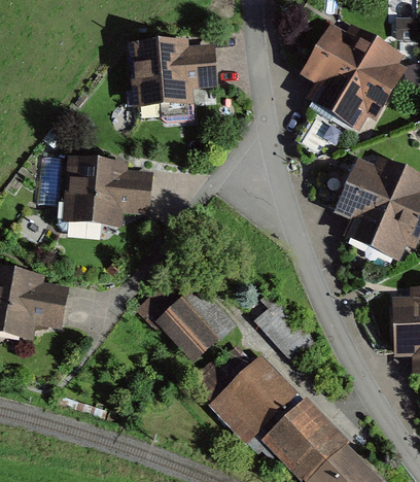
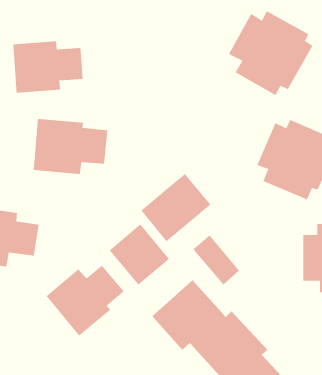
building: [130,40,217,105] -> [13,41,84,93]
building: none -> [140,173,211,242]
building: none -> [46,265,125,337]

